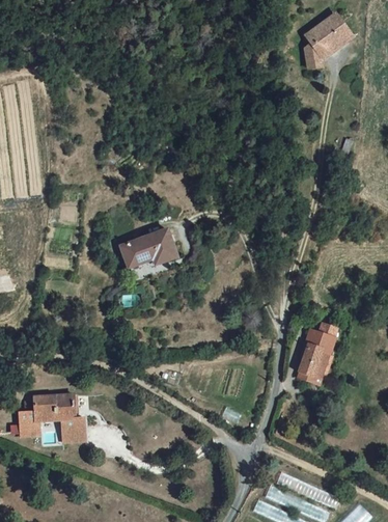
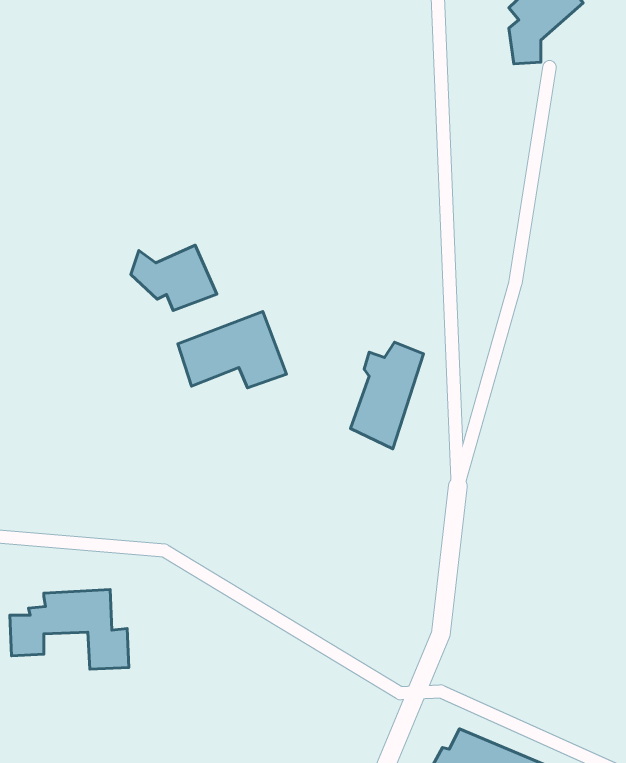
building: none -> [131,245,217,311]
building: [295,324,339,389] -> [350,342,423,449]

